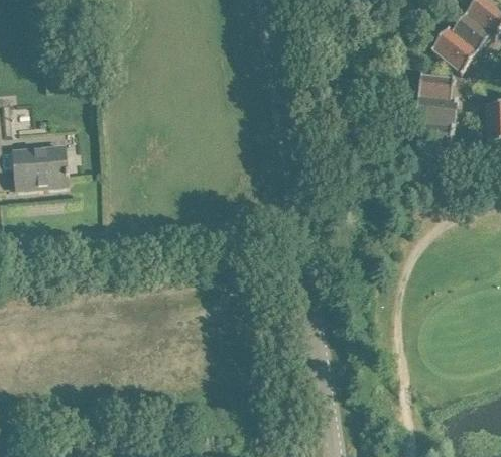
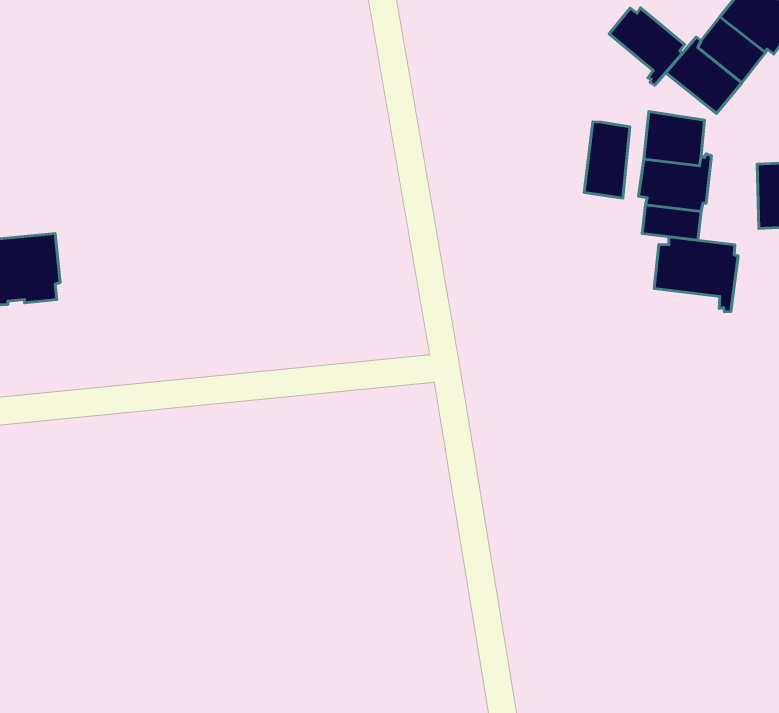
building: none -> [609,8,684,85]
building: none -> [584,122,630,198]
building: none -> [654,237,738,312]

